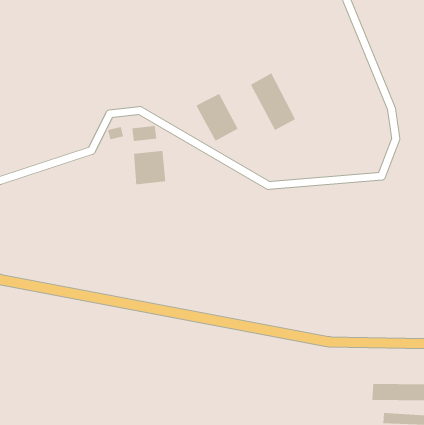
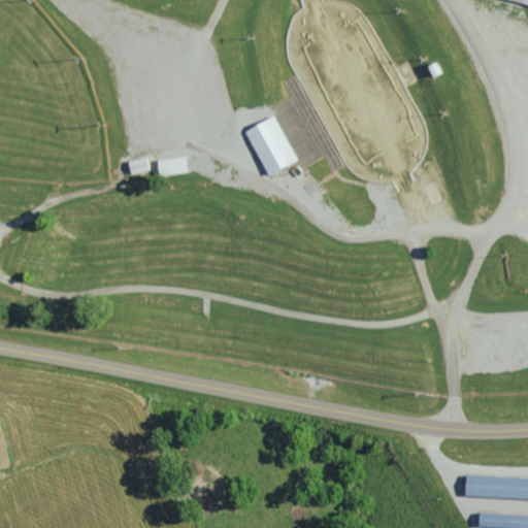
building: [250,73,296,131] -> none
building: [133,150,166,185] -> none

